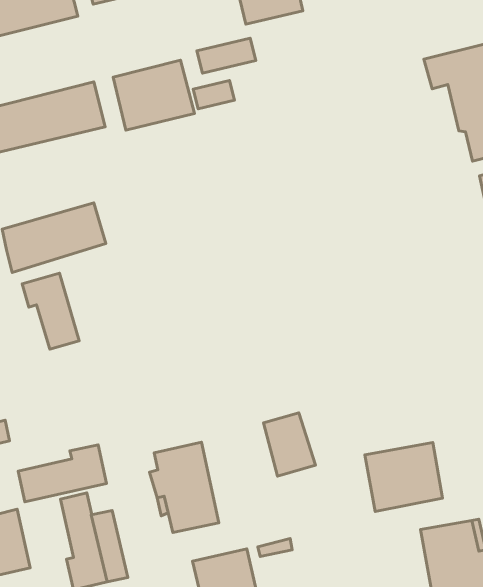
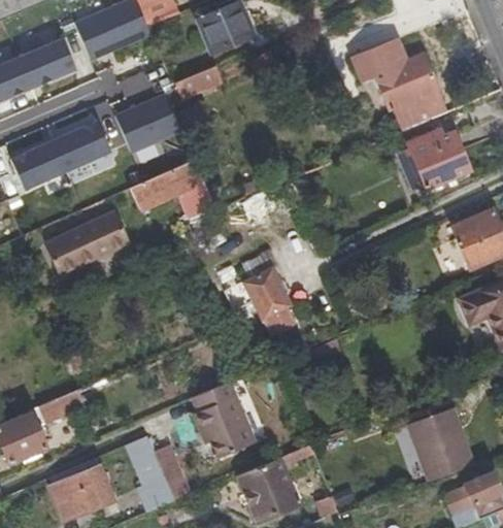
building: none -> [132,159,216,220]
building: [22,273,79,349] -> none
building: [263,413,315,476] -> [245,268,291,320]
building: [365,443,442,512] -> none
building: [18,445,107,502] -> none

